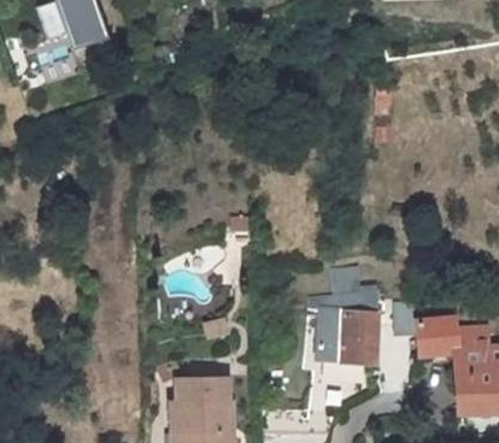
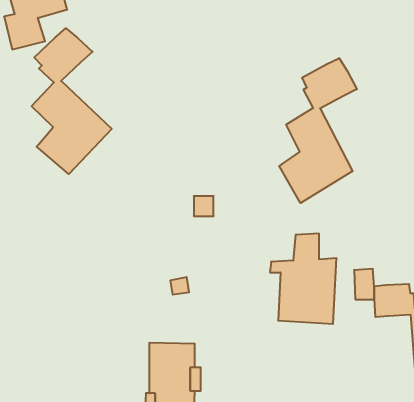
building: none -> [32,28,112,174]
building: none -> [279,58,357,203]

